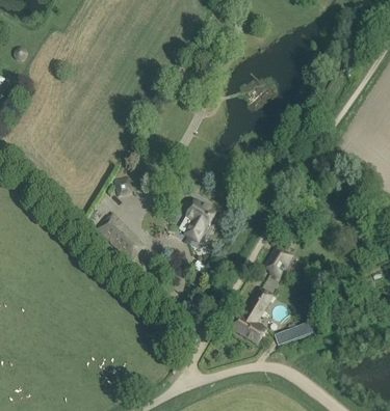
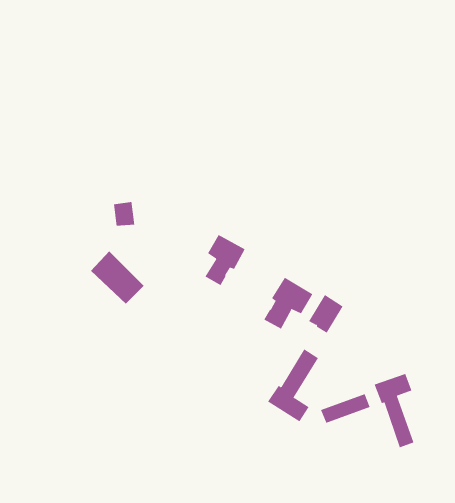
building: none -> [264,277,313,330]
building: none -> [374,373,414,448]

